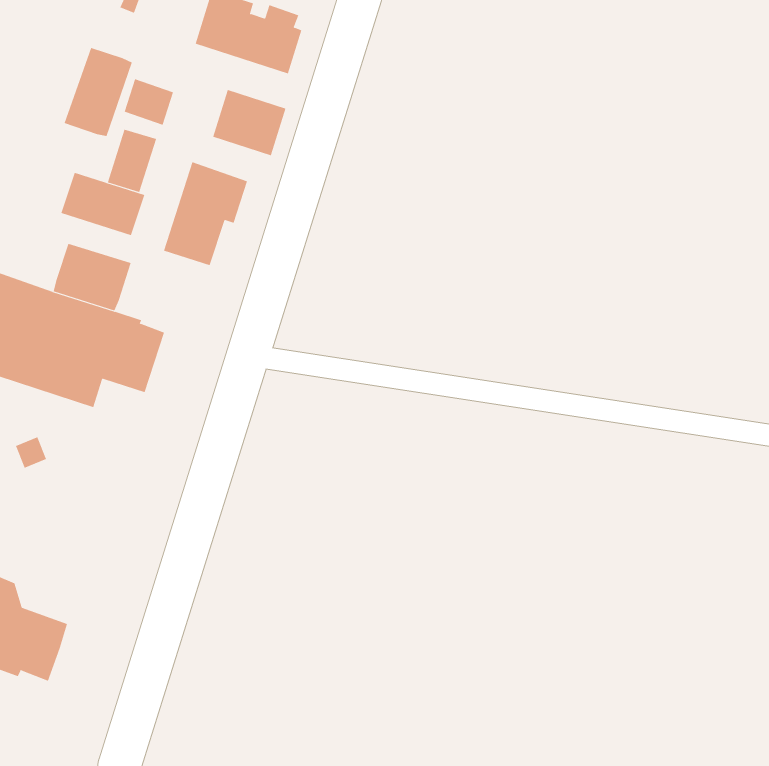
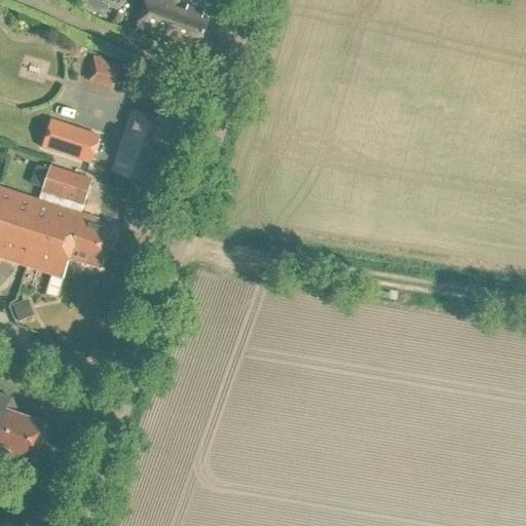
building: [64,47,133,137] -> none
building: [213,89,286,156] -> none
building: [107,129,157,193] -> none

